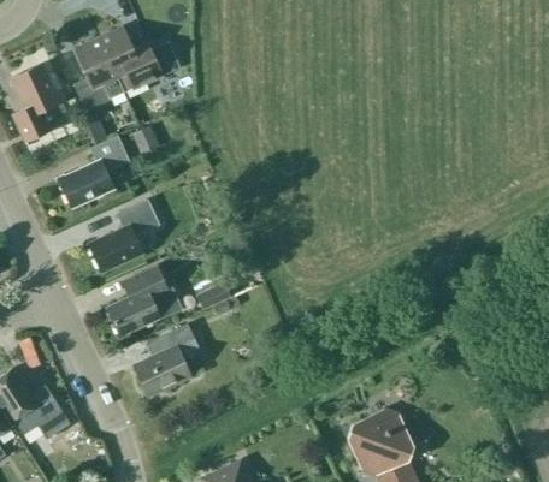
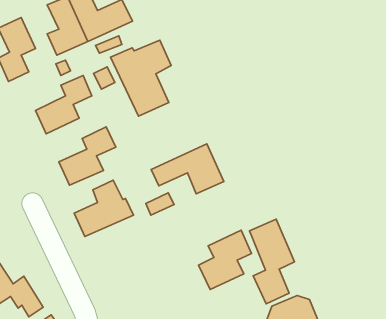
building: none -> [111,40,171,116]
building: none -> [151,144,224,194]
building: none -> [249,219,294,304]
building: [134,321,200,394] -> [198,230,252,289]

